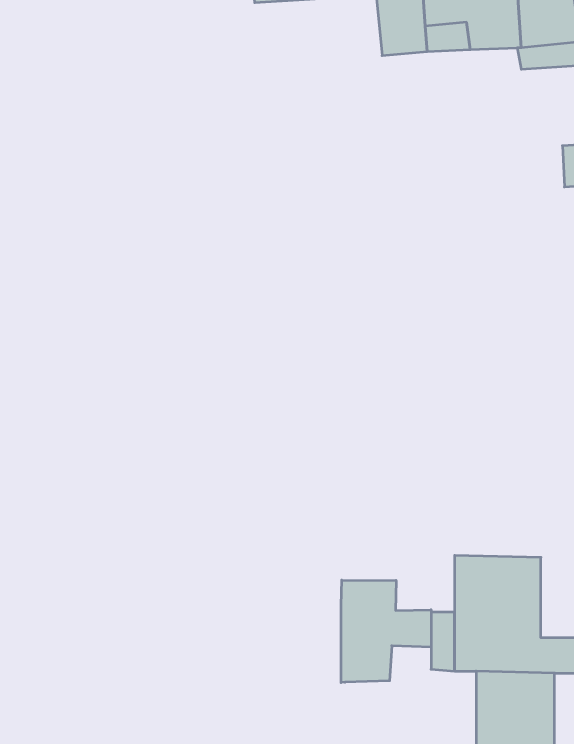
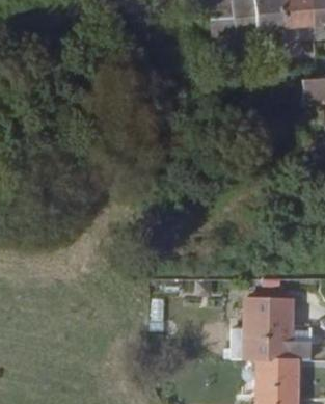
building: [341,580,431,683] -> none

